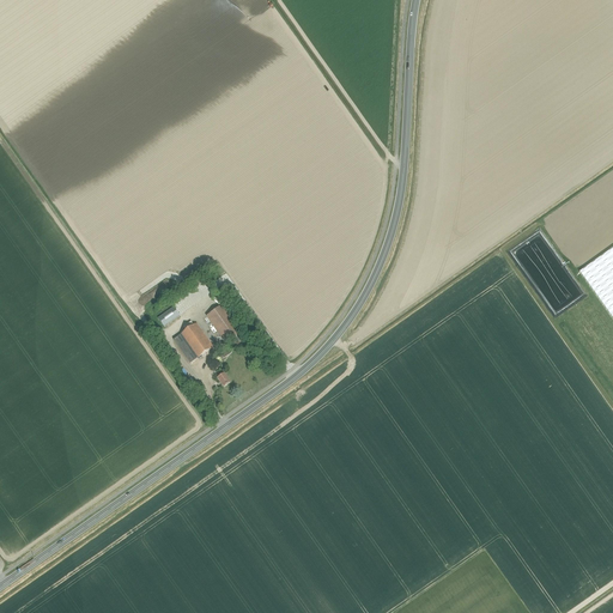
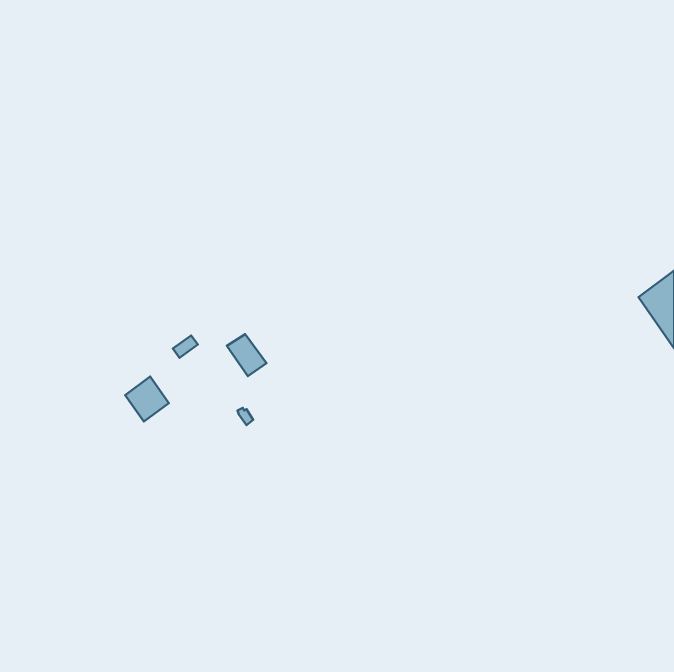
building: [174,321,213,362] -> [125,377,169,422]

